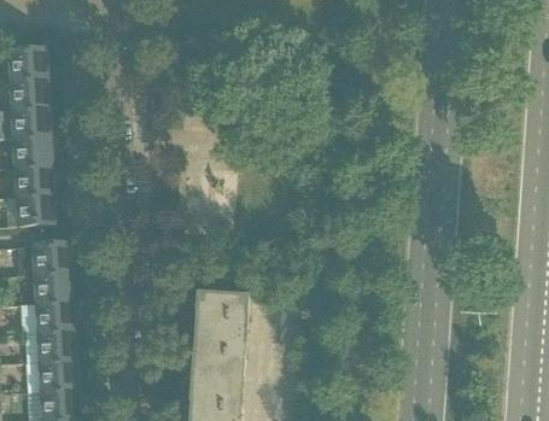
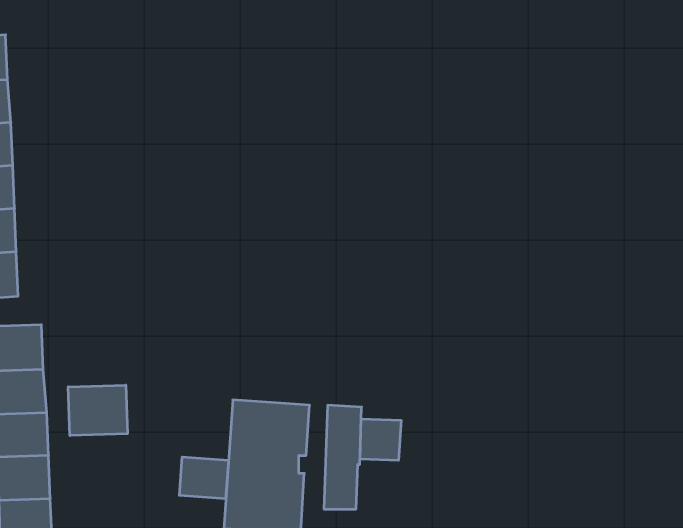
building: none -> [68,385,127,436]
building: none -> [360,419,401,460]
building: none -> [179,457,229,499]

